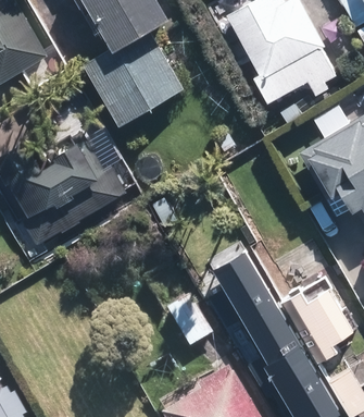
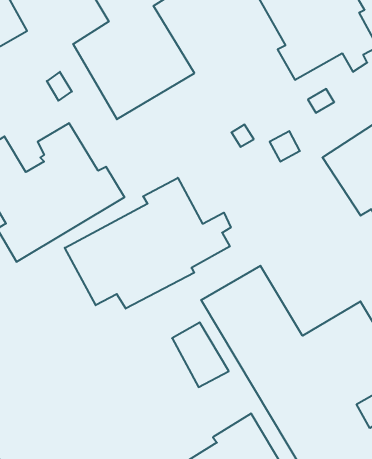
building: none -> [65,178,231,309]

